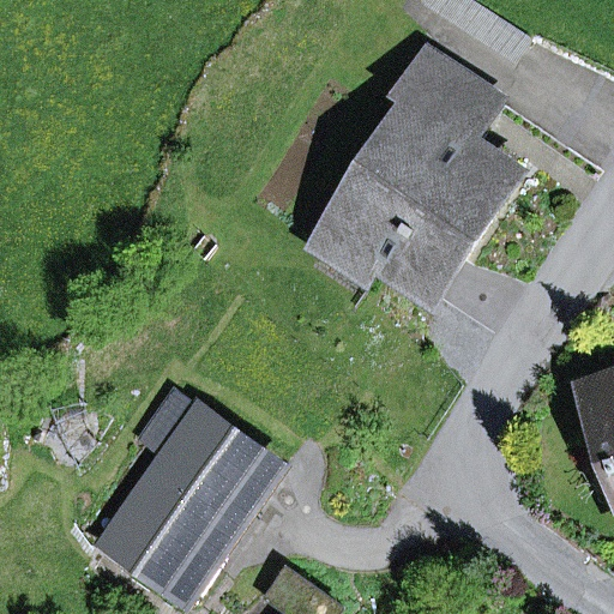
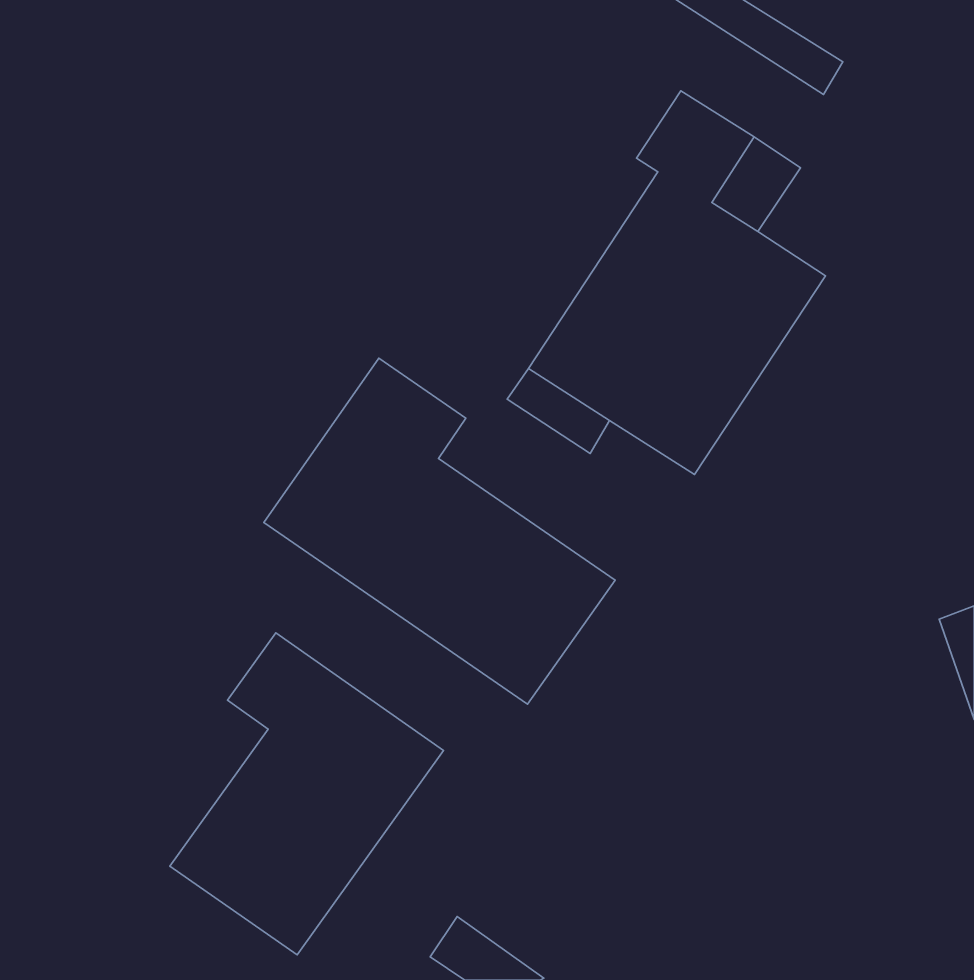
building: none -> [264,358,615,704]

